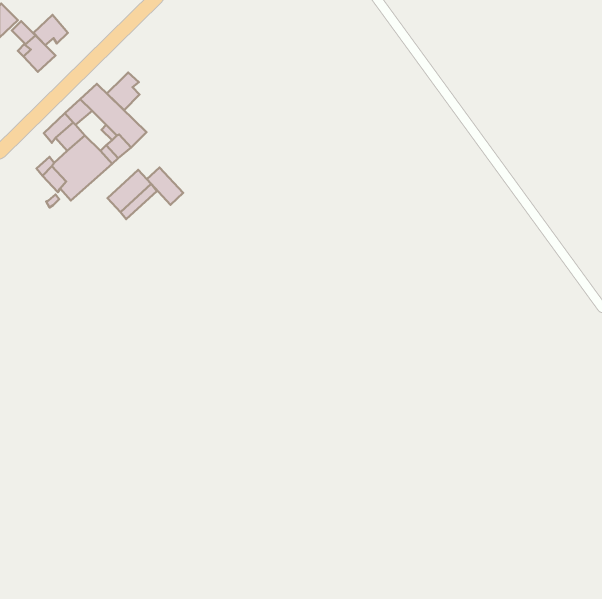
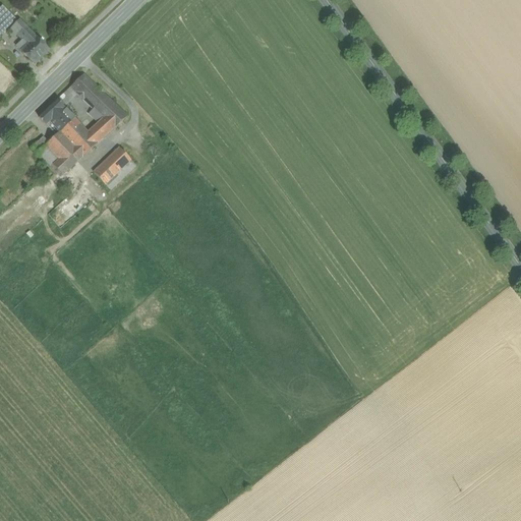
building: [33,15,68,45] -> none
building: [107,73,139,110] -> none
building: [147,167,183,205] -> none

